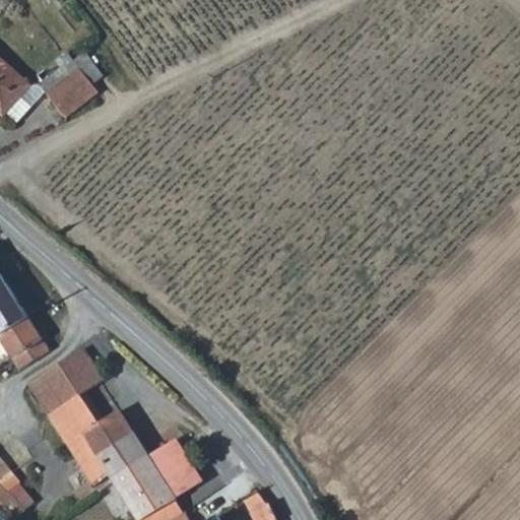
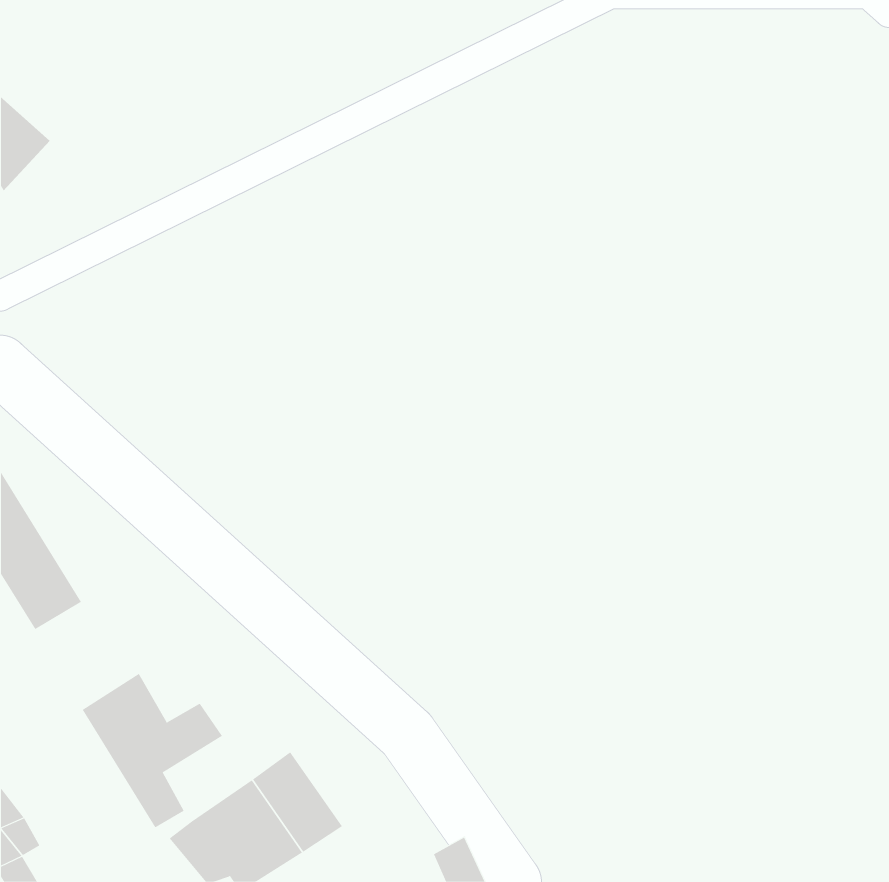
building: [41,72,90,123] -> none
building: [28,347,103,414] -> none
building: [95,430,147,479] -> none

